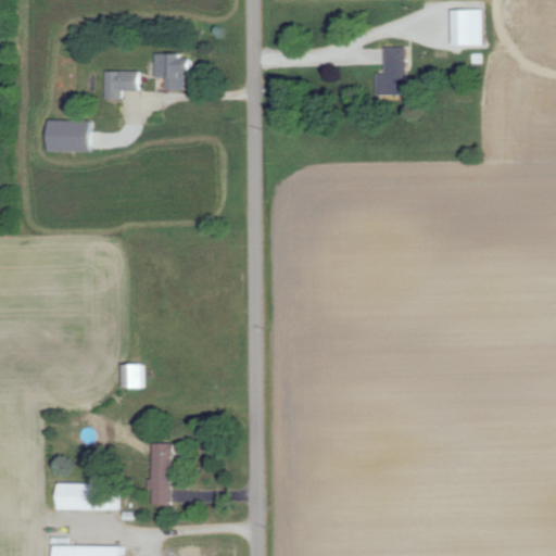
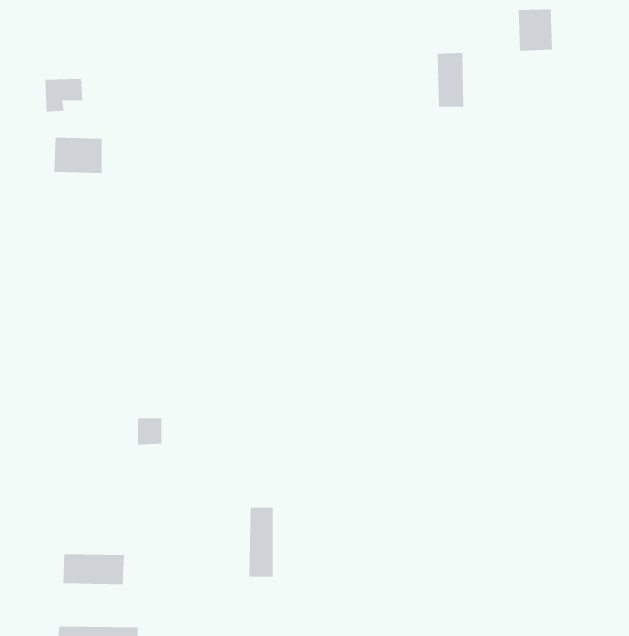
building: [153,53,191,91] -> none
building: [102,71,136,100] -> [44,78,83,112]
building: [149,444,170,505] -> [248,507,273,577]

